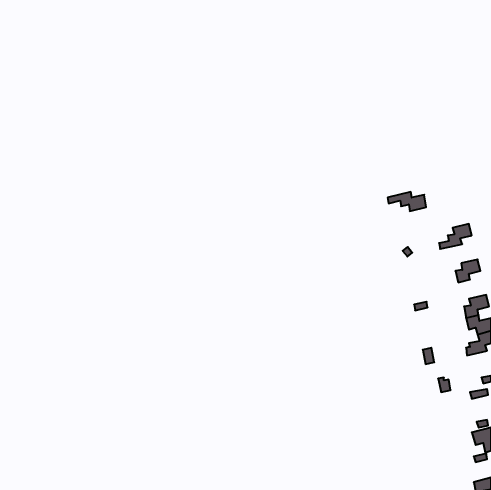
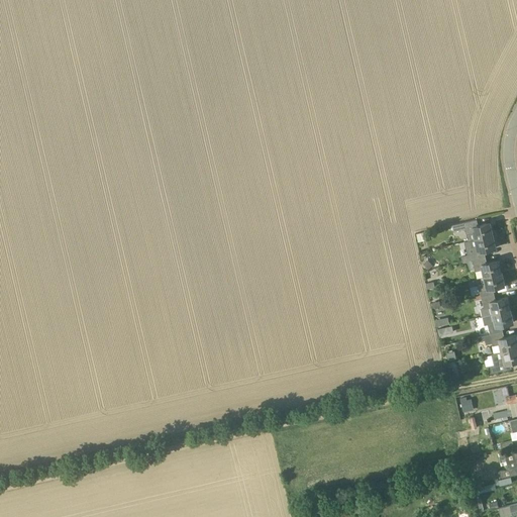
building: [388,192,426,211] -> [452,220,493,240]
building: none -> [473,257,502,279]
building: none -> [482,295,511,315]

